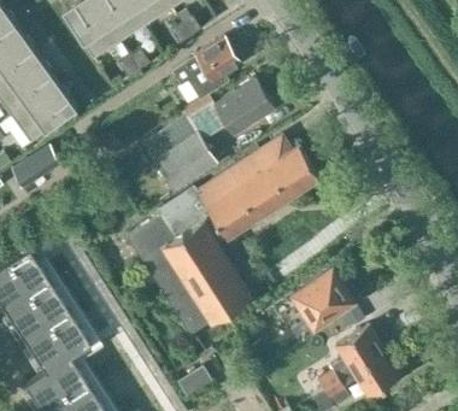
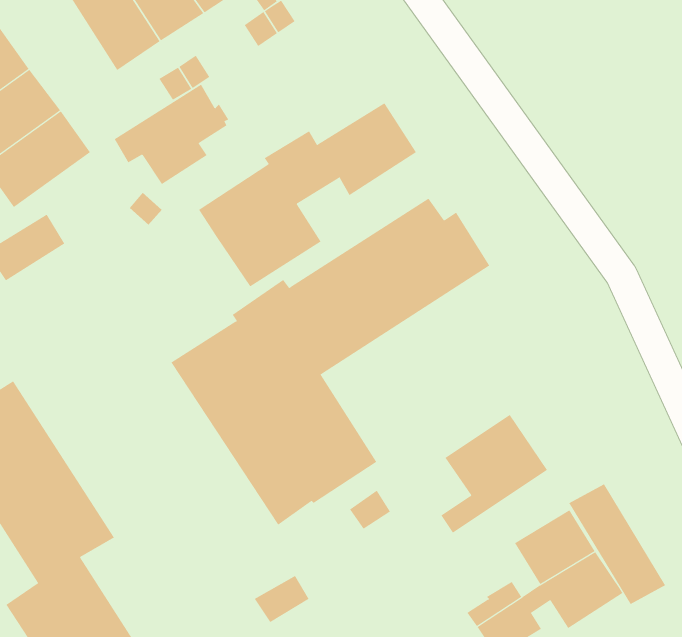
building: [174,37,243,99] -> [114,84,229,185]
building: none -> [569,484,666,605]

